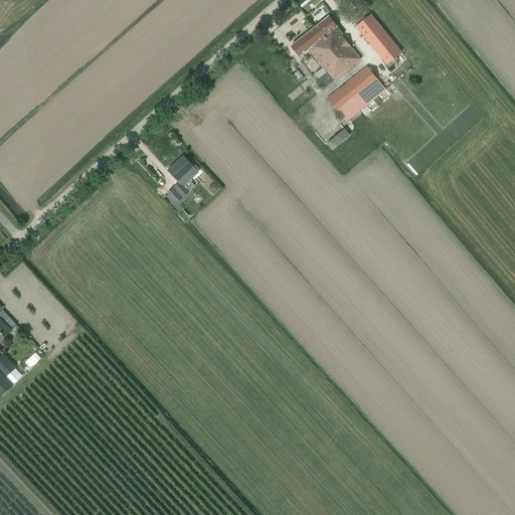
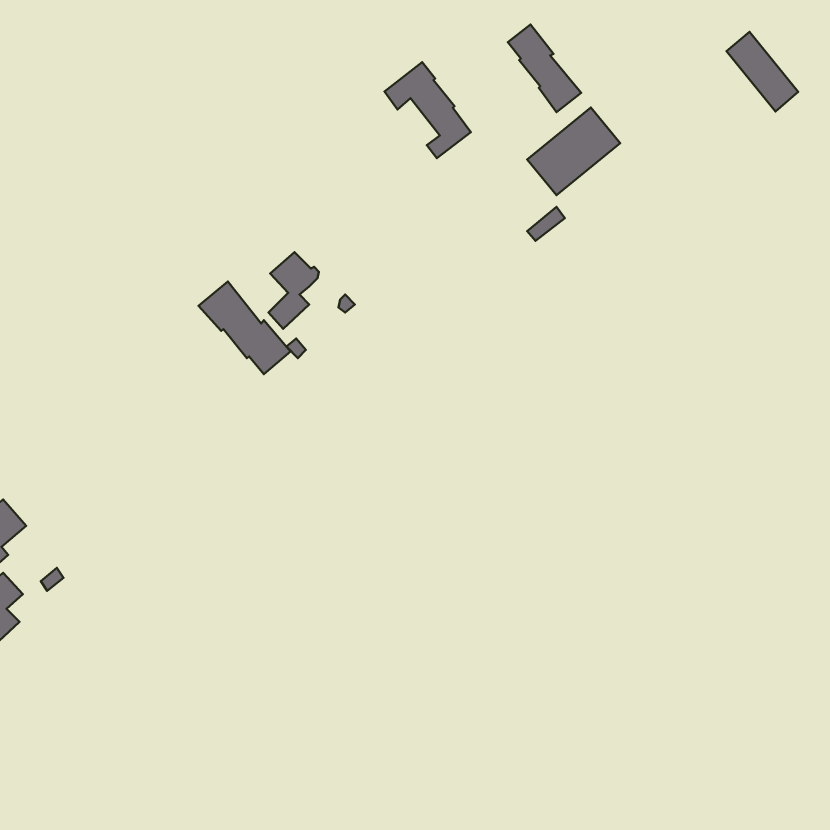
building: [355,14,399,63] -> [727,32,798,112]
building: [291,26,344,85] -> [385,62,471,158]
building: none -> [199,282,290,374]

